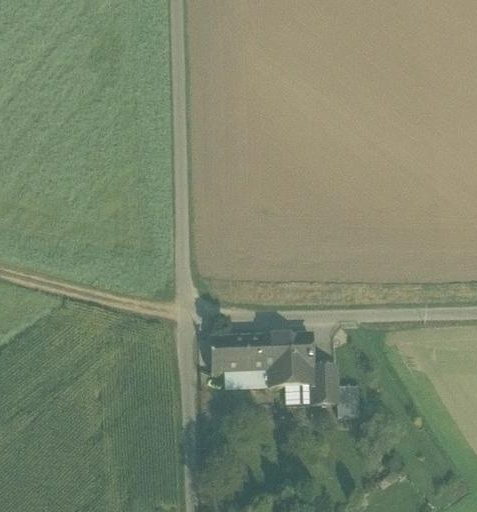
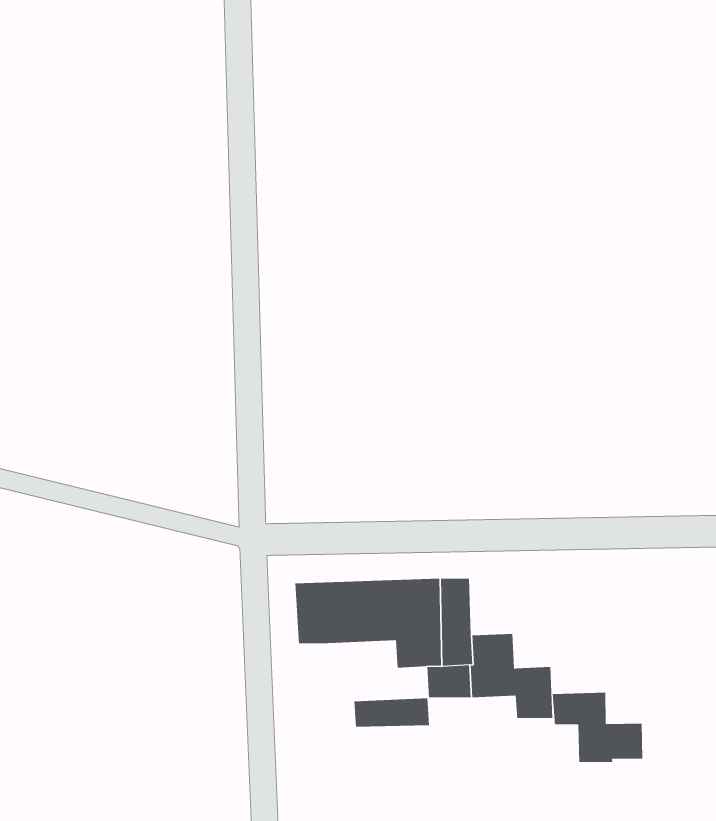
building: [226,370,270,387] -> [354,698,430,727]
building: none -> [552,692,643,763]

